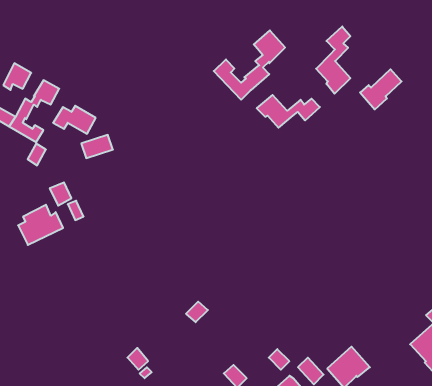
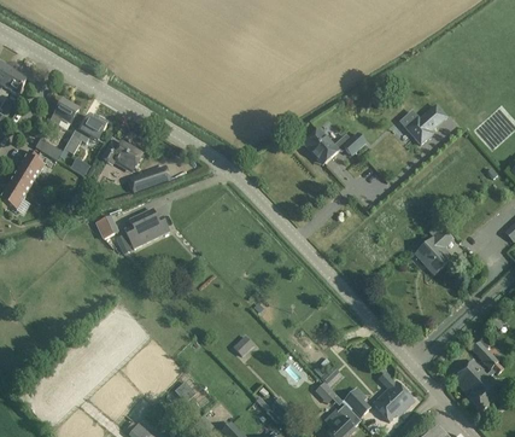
building: [316,26,350,94] -> none
building: [214,30,285,100] -> none
building: none -> [416,226,452,270]
building: [18,205,63,245] -> [123,205,168,245]

